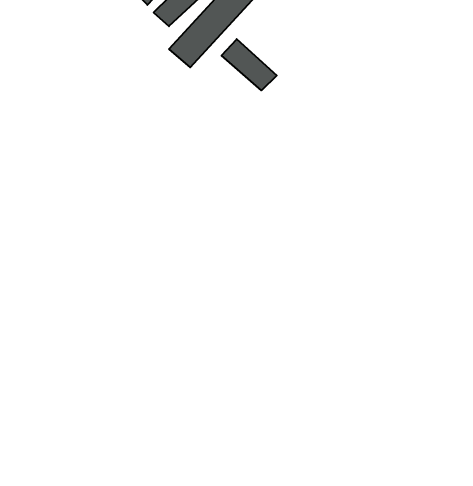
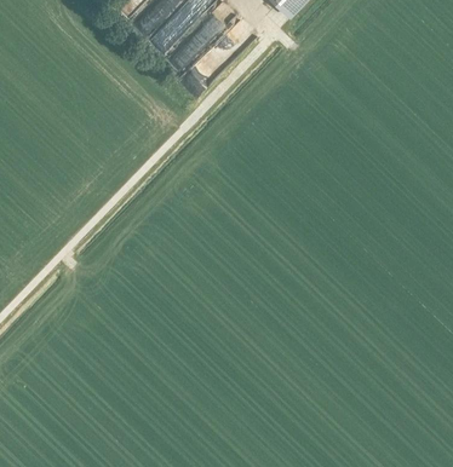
building: [222,39,277,90] -> none

